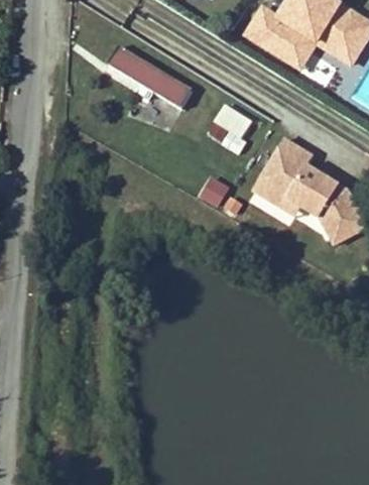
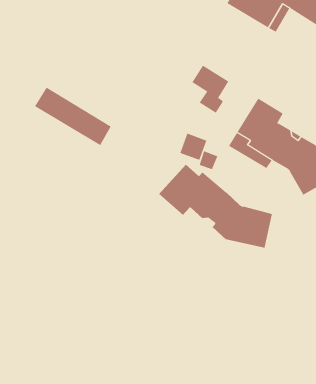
building: [110,45,195,110] -> [34,87,112,146]
building: none -> [158,164,273,249]

